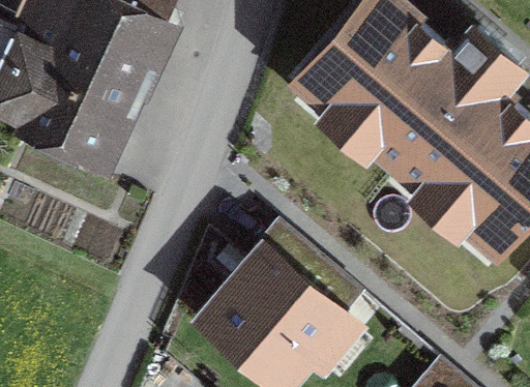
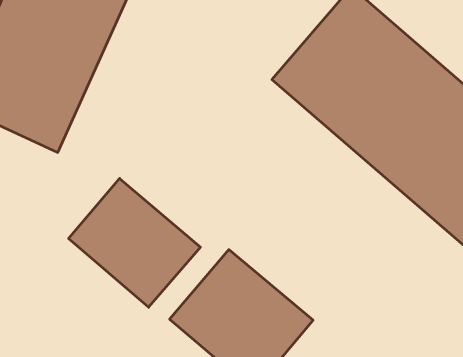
building: none -> [69,178,200,307]

